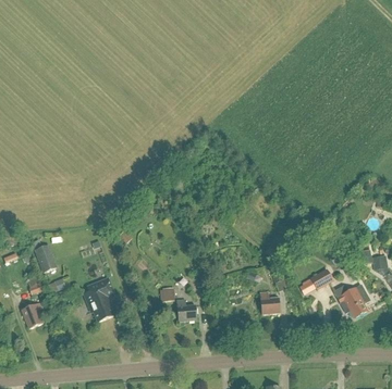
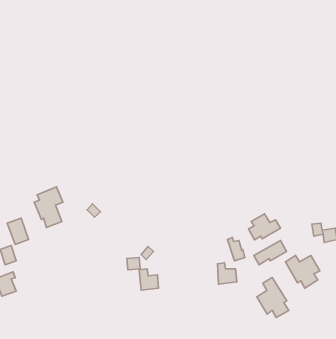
building: none -> [249,214,280,240]
building: [84,277,114,321] -> [34,187,63,227]
building: none -> [257,277,289,318]

